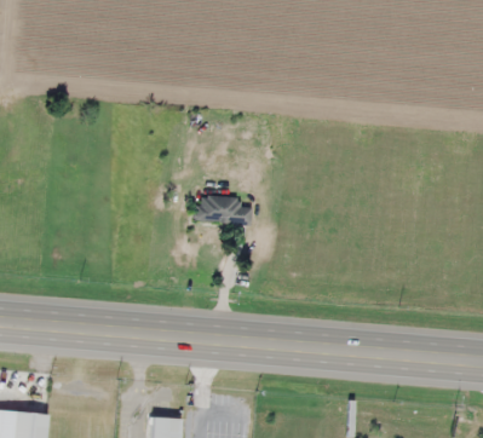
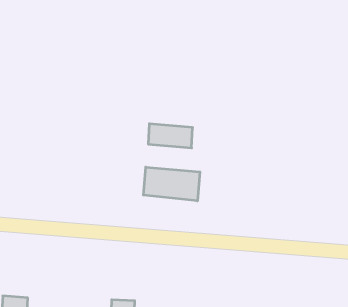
building: none -> [143,167,200,201]

